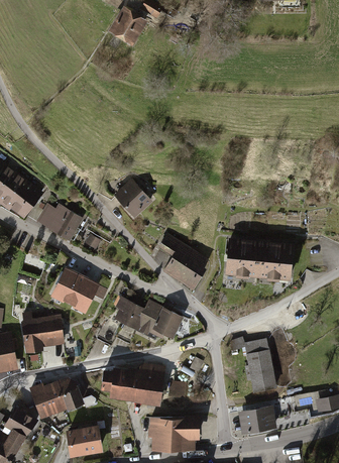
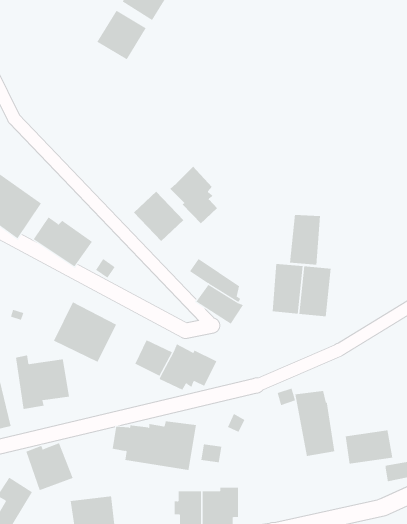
building: none -> [97,10,147,60]
building: none -> [169,166,218,224]
building: [268,243,294,283] -> [289,214,321,265]
building: [56,378,84,410] -> none
building: [238,407,276,434] -> [345,430,393,464]

